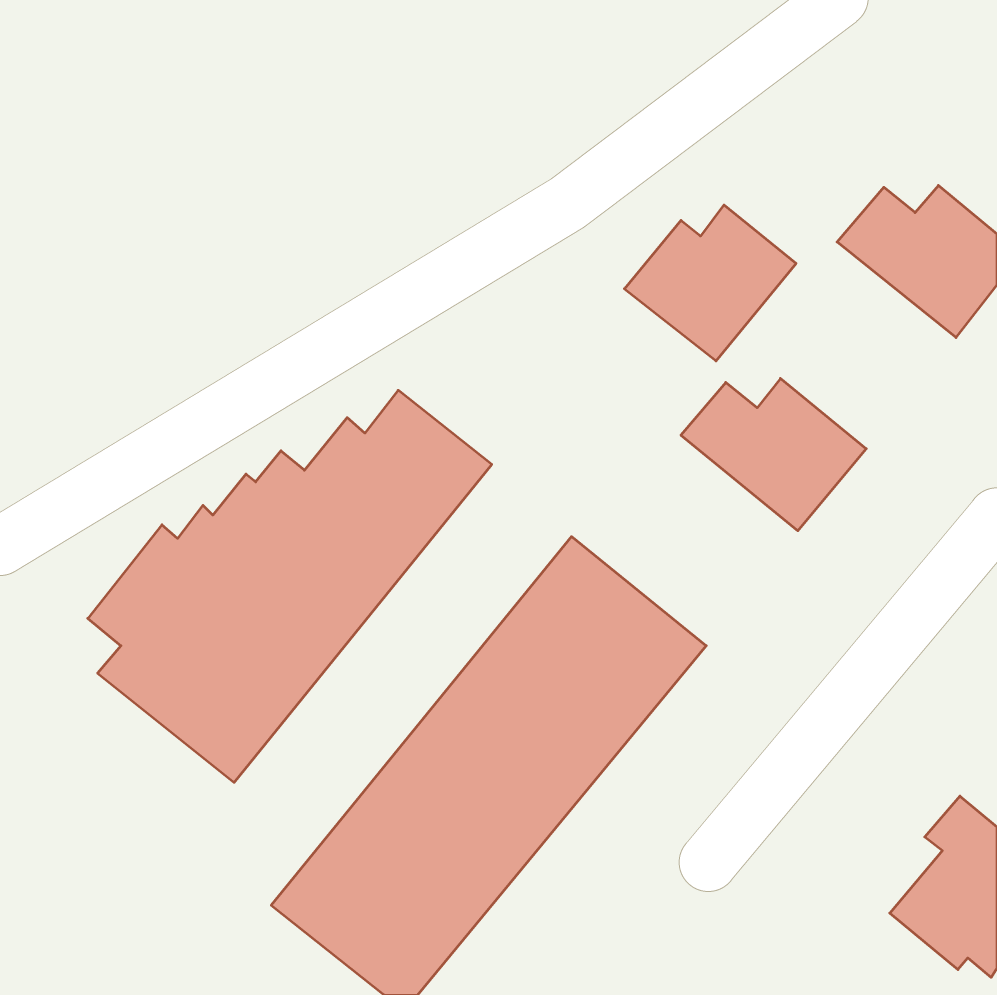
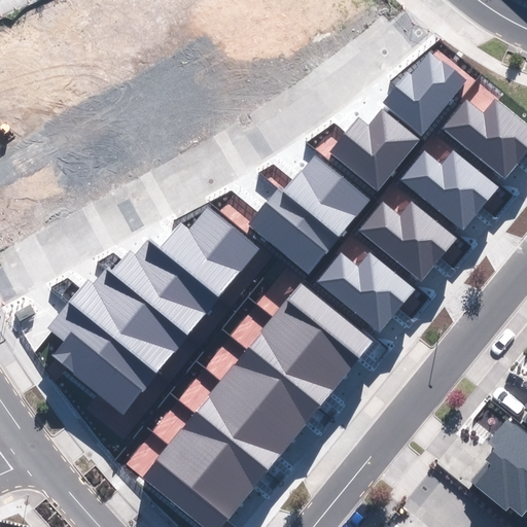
building: none -> [382,51,466,135]
building: none -> [401,149,499,230]
building: none -> [247,154,370,274]
building: none -> [317,251,415,331]

